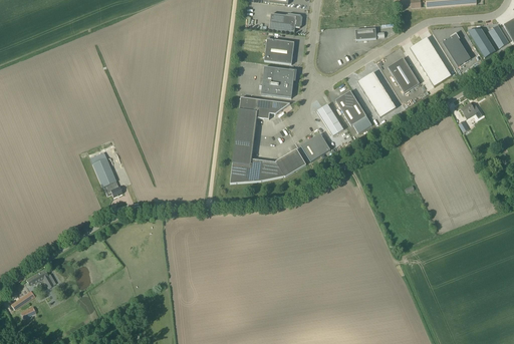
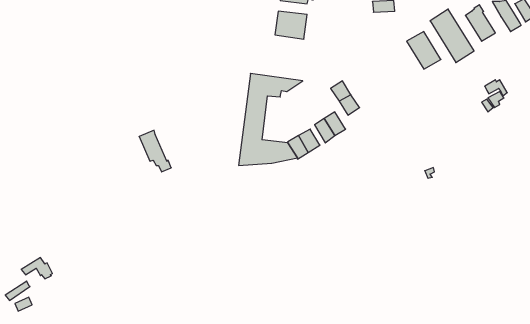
building: [261,66,295,97] -> none
building: [357,71,396,117] -> none
building: [335,90,371,132] -> none
building: [92,157,122,197] -> [139,130,171,172]

